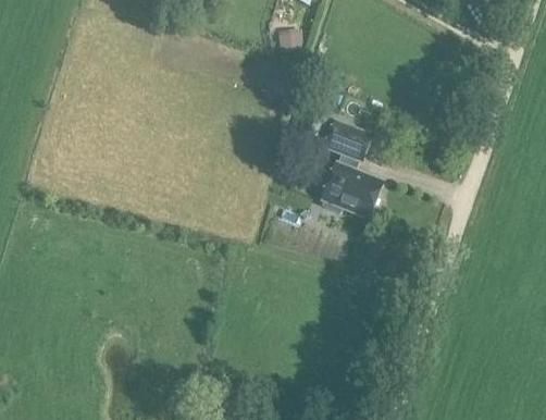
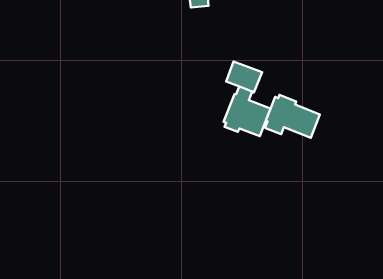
building: none -> [265,95,320,138]

